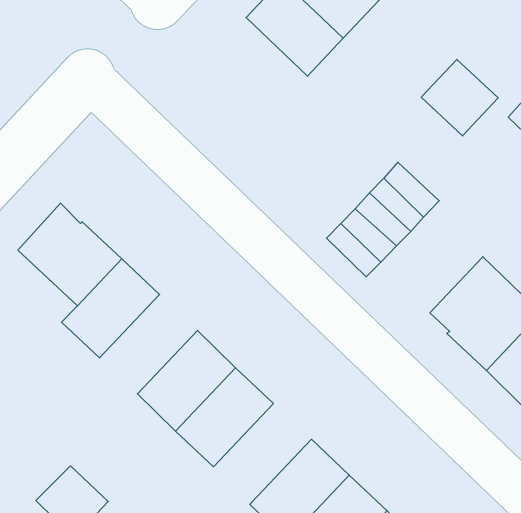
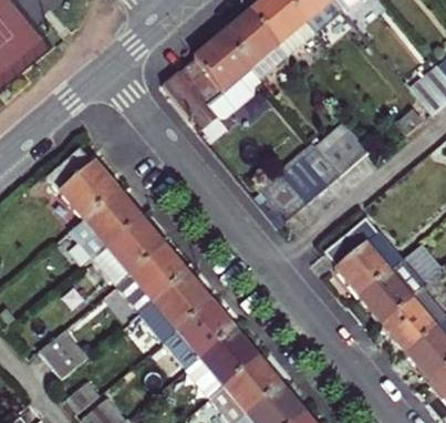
building: none -> [164,33,262,126]
building: [421,59,498,136] -> [315,122,369,175]
building: none -> [94,217,164,283]
building: none -> [164,301,234,368]

